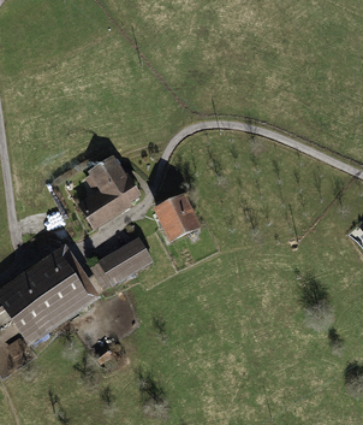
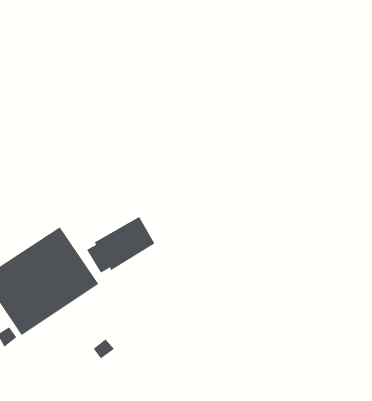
building: [75,154,141,230] -> none
building: [151,193,201,242] -> none

